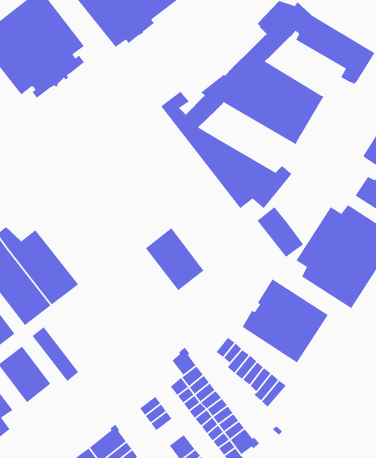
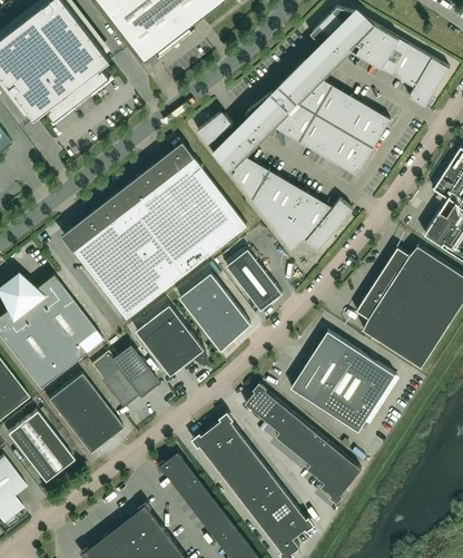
building: none -> [60,141,246,319]
building: [256,206,304,258] -> [226,249,282,310]
building: none -> [135,305,206,375]
building: none -> [90,346,157,407]
building: none -> [61,373,121,441]
building: none -> [245,382,276,418]
building: none -> [190,428,224,458]
building: none -> [156,451,191,483]
building: none -> [319,457,361,503]
building: none -> [193,496,225,527]

